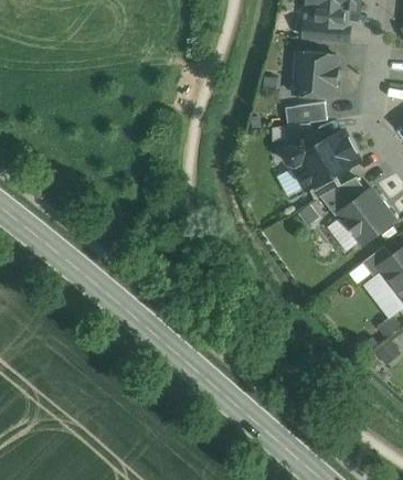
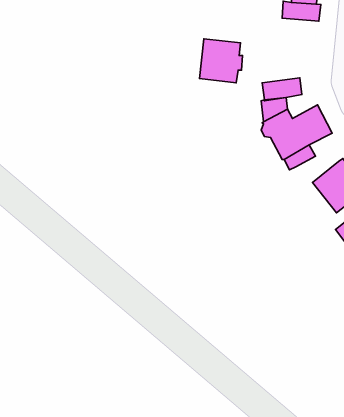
building: [293,52,338,98] -> [200,39,242,83]
building: [320,178,365,216] -> none

